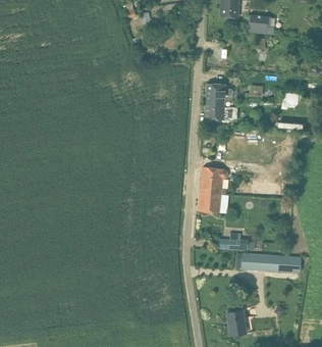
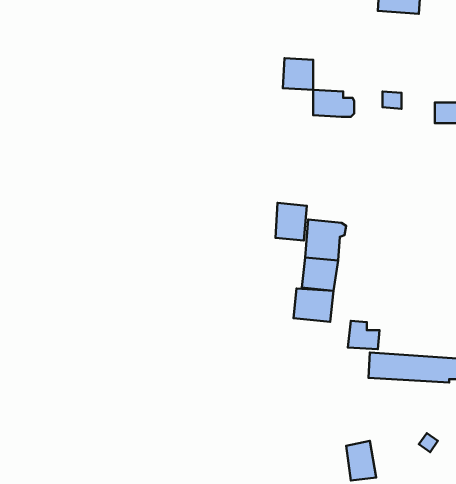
building: [205,100,224,120] -> [283,58,313,90]
building: none -> [276,203,307,241]
building: none -> [293,289,334,322]

